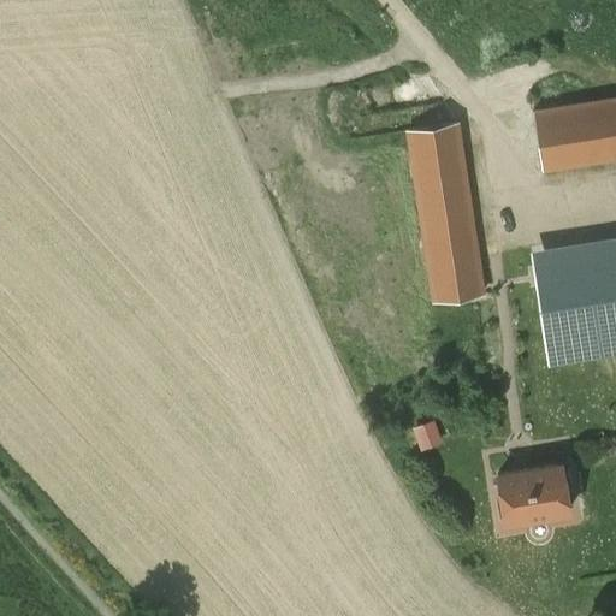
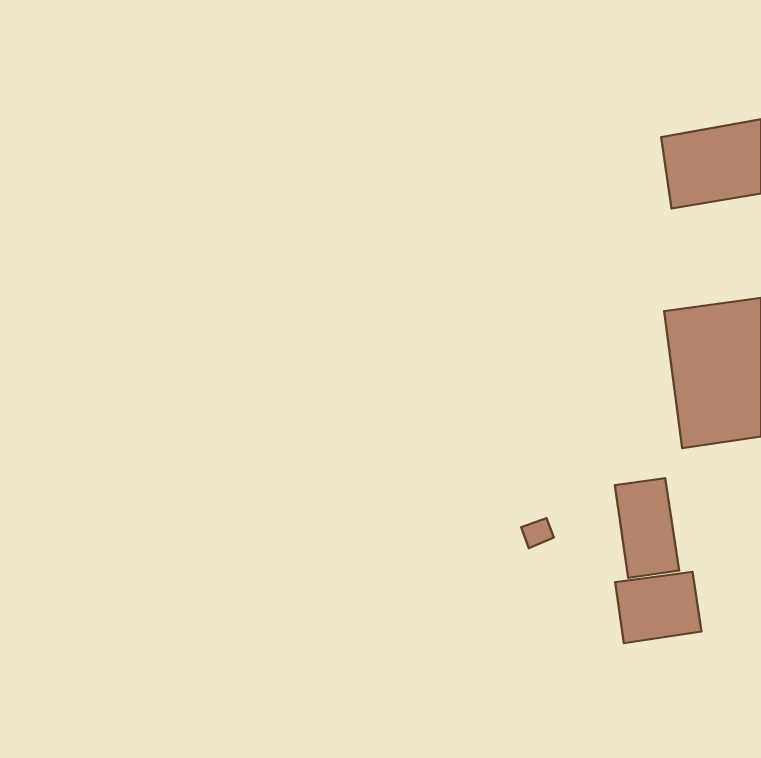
building: [409,125,481,302] -> none
building: none -> [615,478,679,578]

